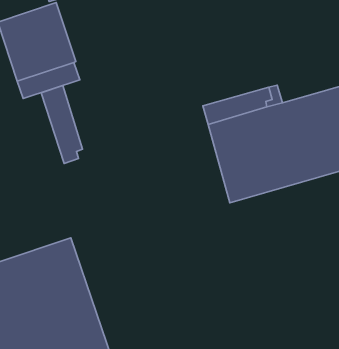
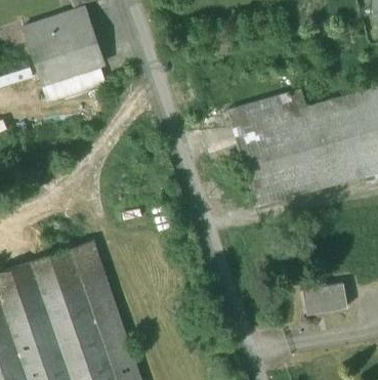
building: [41,86,82,164] -> none
building: none -> [301,283,346,314]

